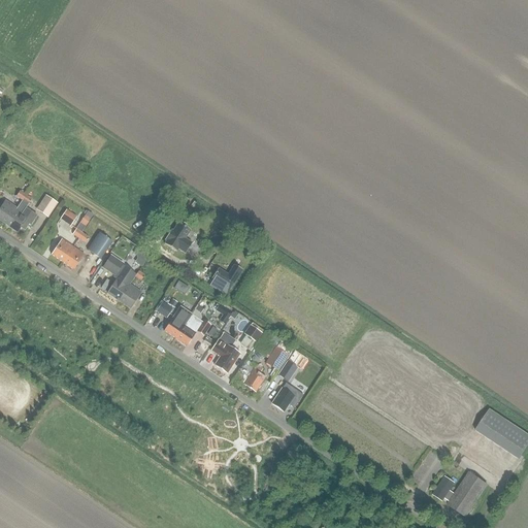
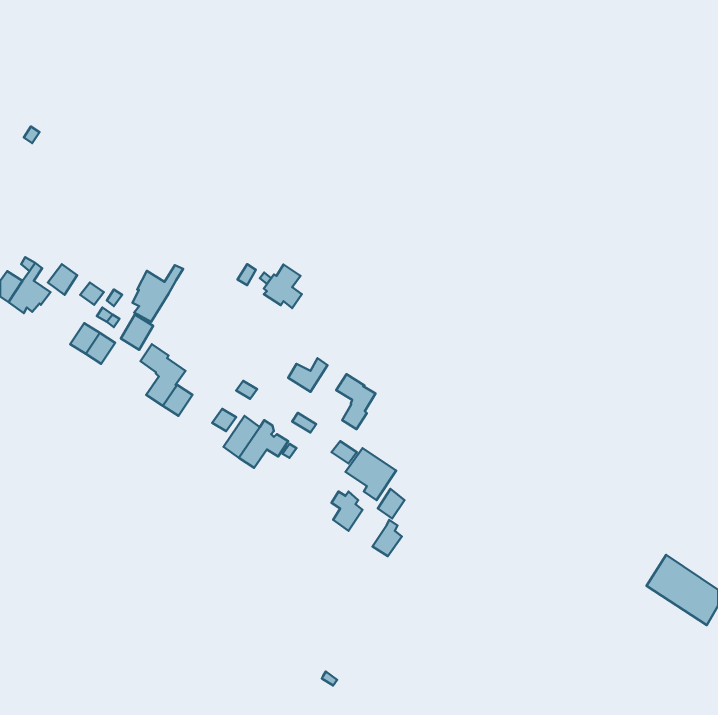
building: none -> [133,265,183,322]
building: [164,221,192,253] -> [264,265,302,308]
building: none -> [336,374,376,429]
building: [211,331,239,370] -> none
building: [432,471,487,517] -> none

